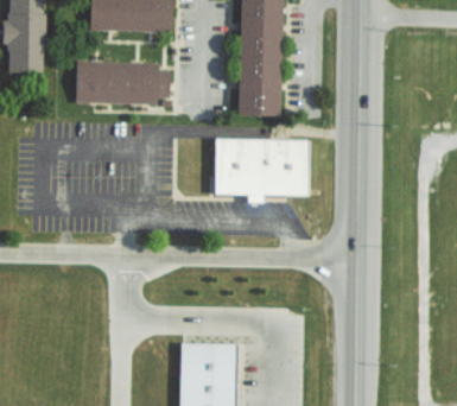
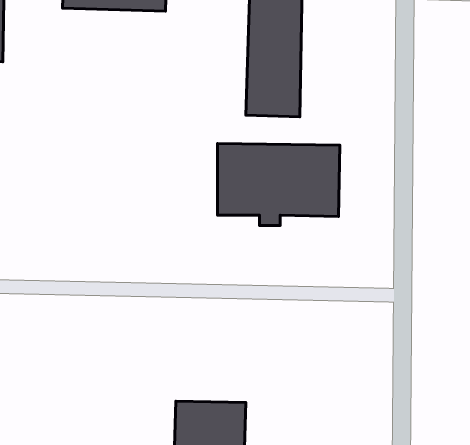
building: [77,61,172,104] -> none

